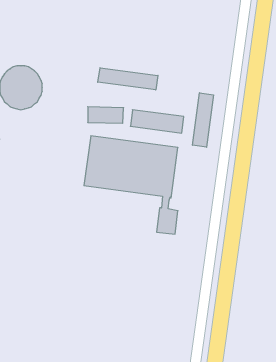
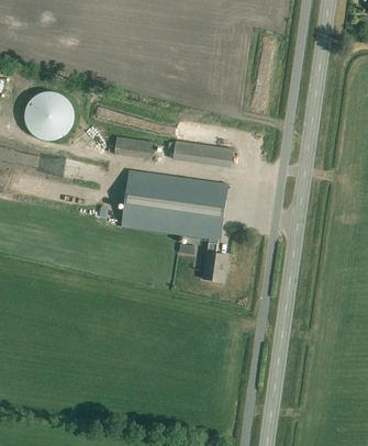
building: [98,68,158,90] -> none
building: [193,93,213,147] -> none

